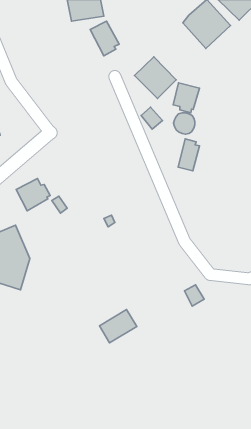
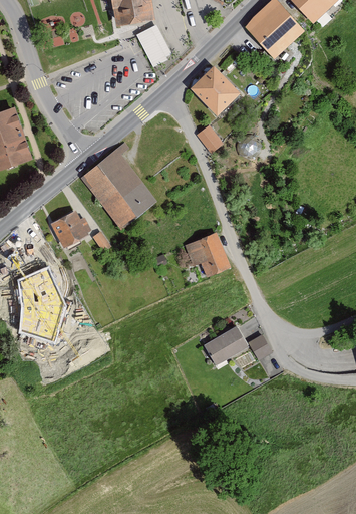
building: [173,83,200,113] -> none
building: none -> [80,144,156,229]
building: [178,139,200,171] -> none
building: none -> [185,233,231,277]
building: [99,310,137,343] -> [203,327,247,366]

